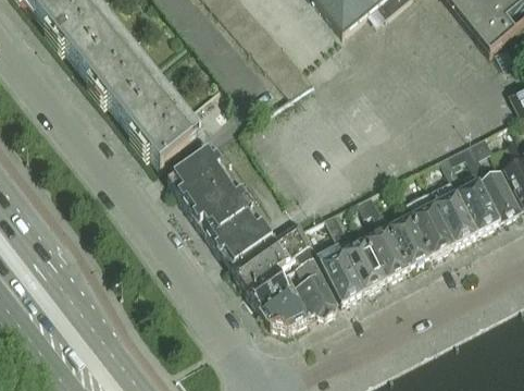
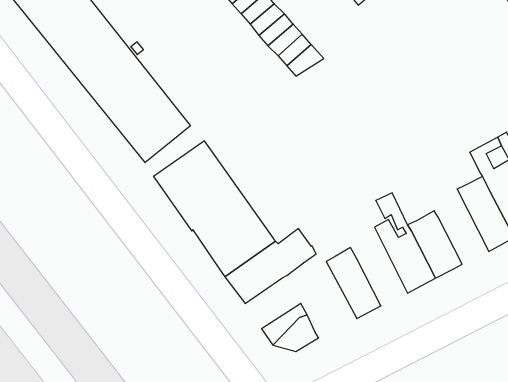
building: [404,184,457,252] -> none
building: [325,206,387,288] -> none
building: [298,242,340,313] -> none
building: [248,261,296,307] -> none

